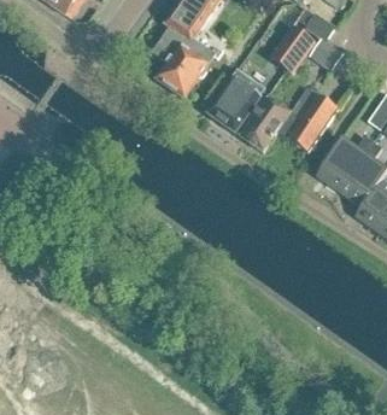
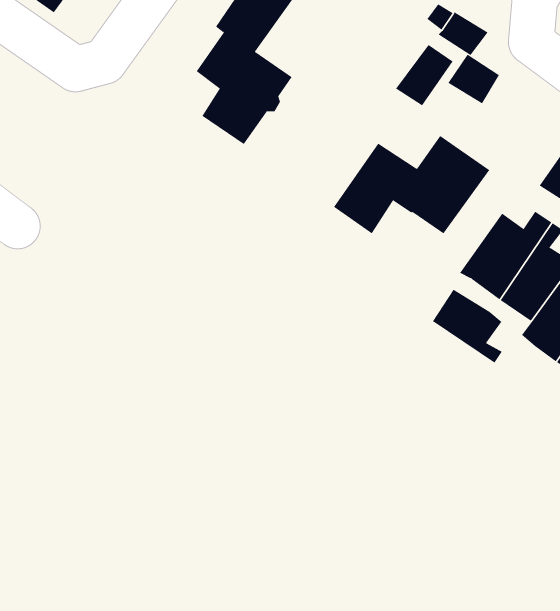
building: [206,68,259,131] -> none
building: none -> [432,289,503,364]

